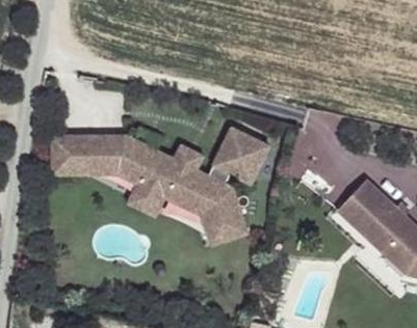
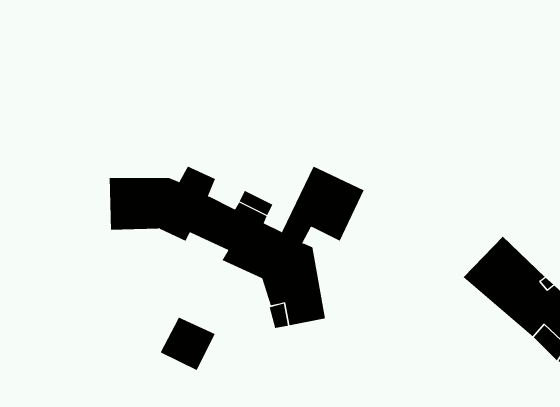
building: [52,136,83,174] -> none
building: [128,176,168,216] -> [160,317,216,371]

